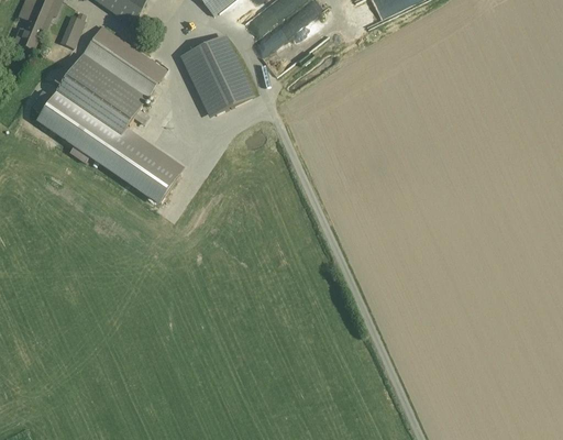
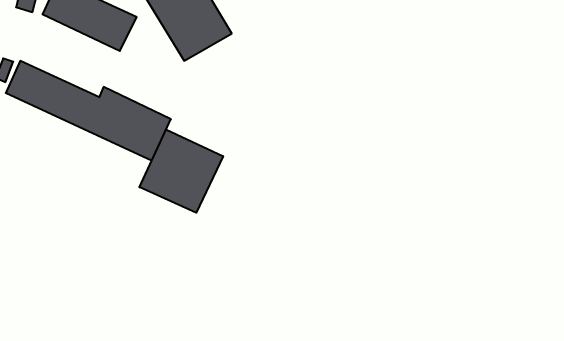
building: [56,55,148,139] -> none
building: none -> [139,130,223,213]

